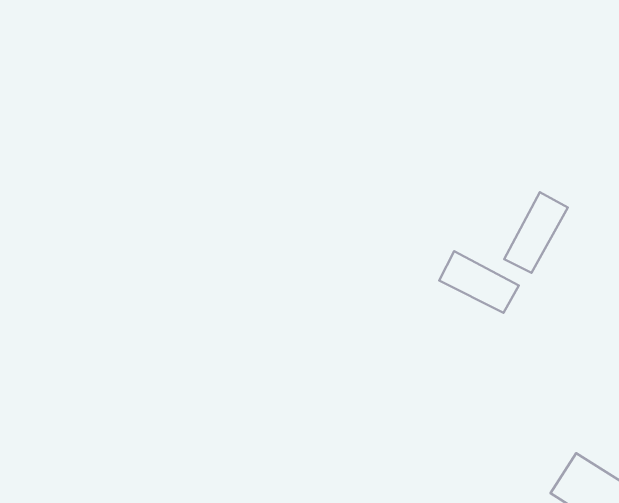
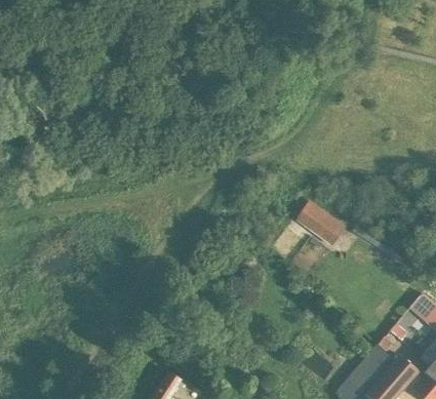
building: [504,192,568,273] -> none

